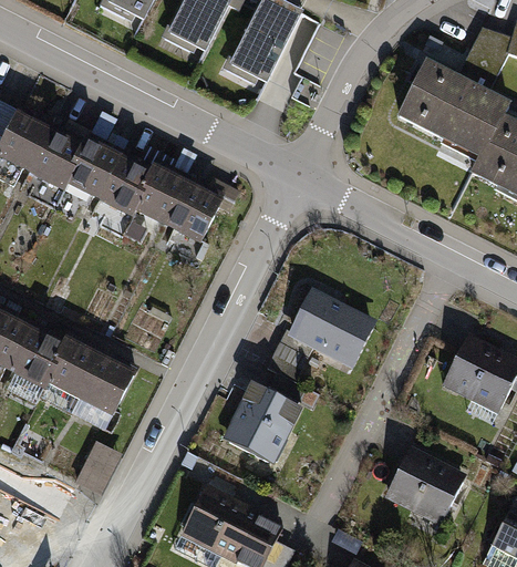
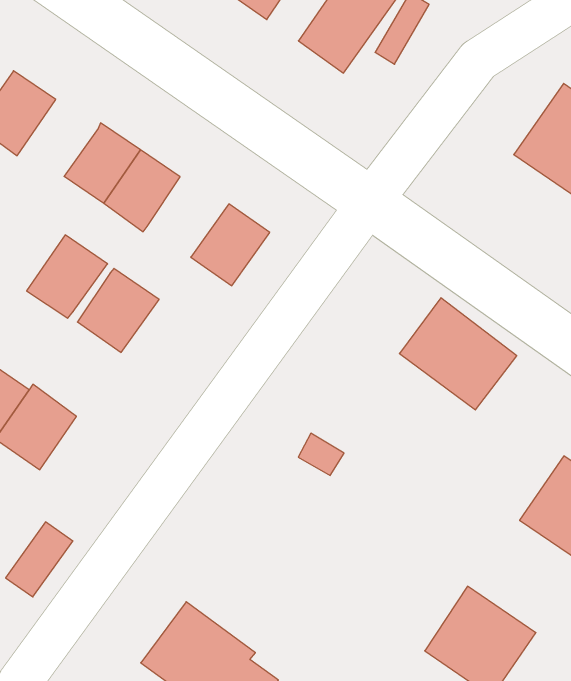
building: [33,130,90,190] -> [27,235,108,318]
building: [136,169,194,230] -> [77,268,159,352]
building: [292,289,379,368] -> [399,298,517,410]
building: [84,360,138,420] -> none
building: [224,378,301,457] -> none

